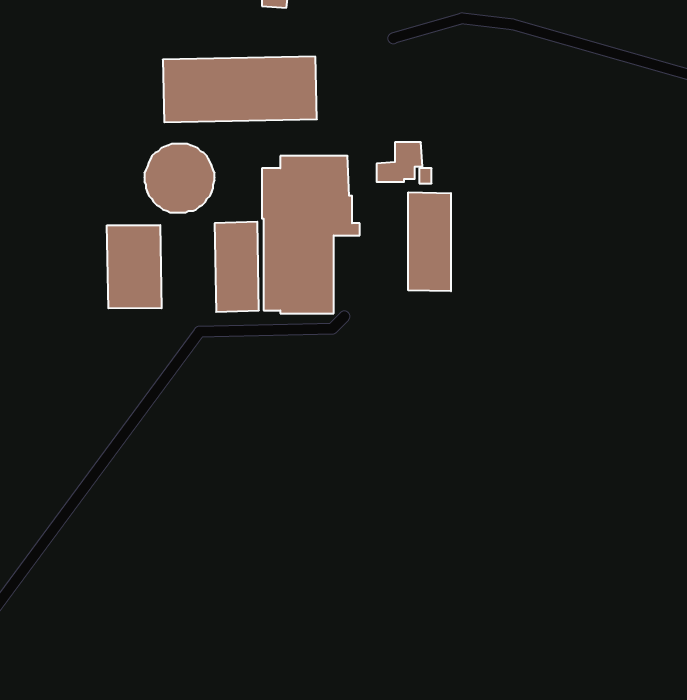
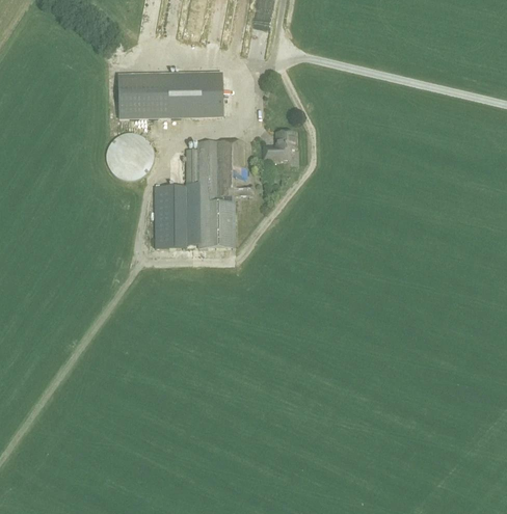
building: [408,192,451,291] -> none
building: [107,225,162,308] -> none

